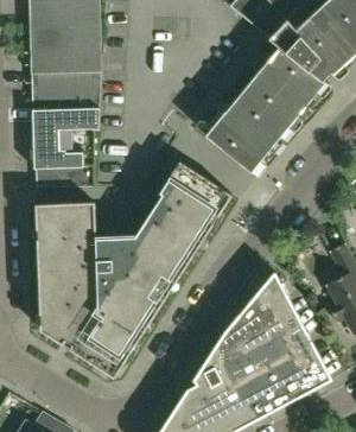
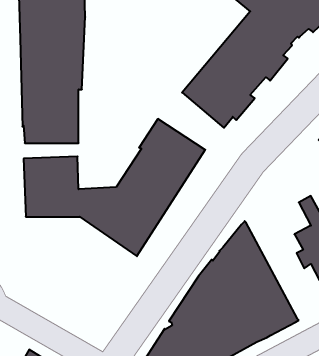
building: [37,267,157,377] -> none

